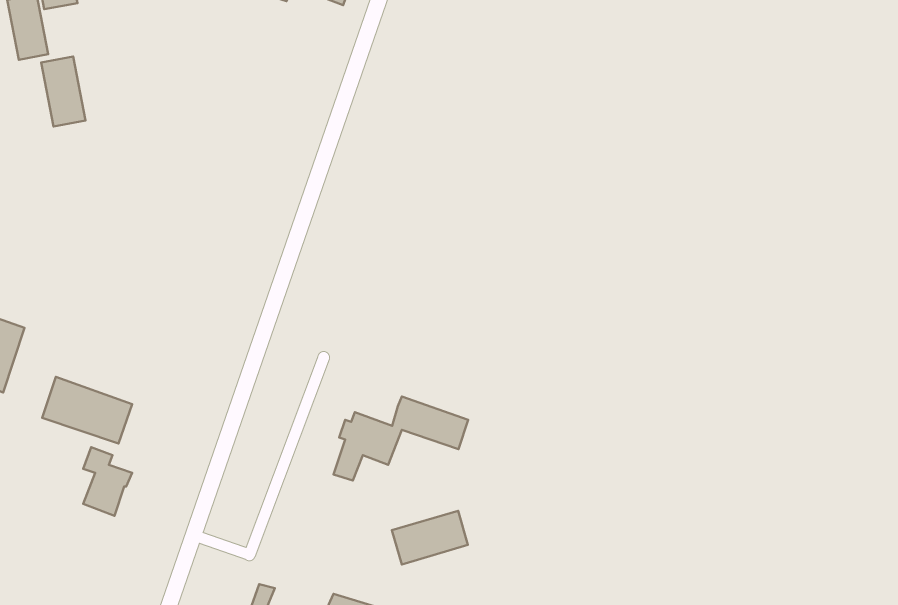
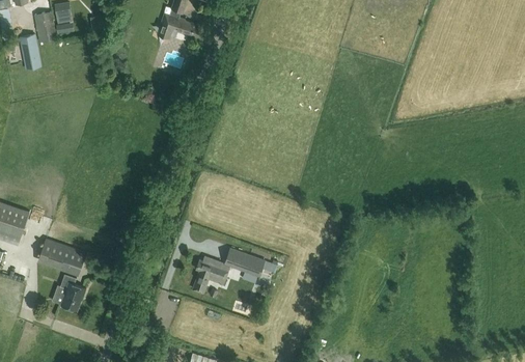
building: [41,57,85,126] -> none
building: [392,511,468,564] -> none

